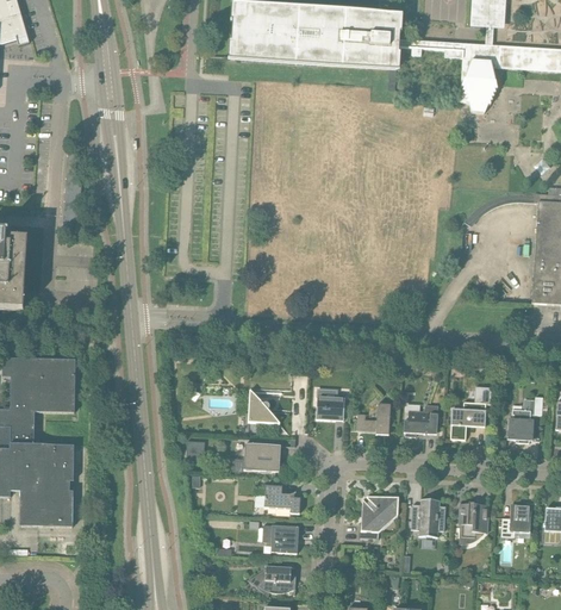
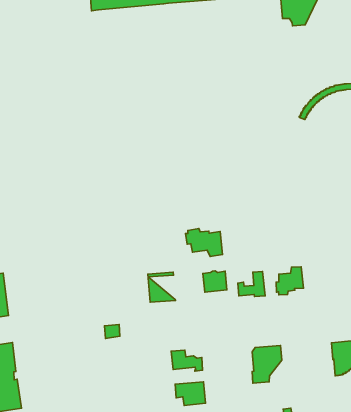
building: none -> [185,229,222,256]
building: [450,402,486,440] -> none
building: [247,443,280,469] -> none
building: [411,498,445,536] -> none

